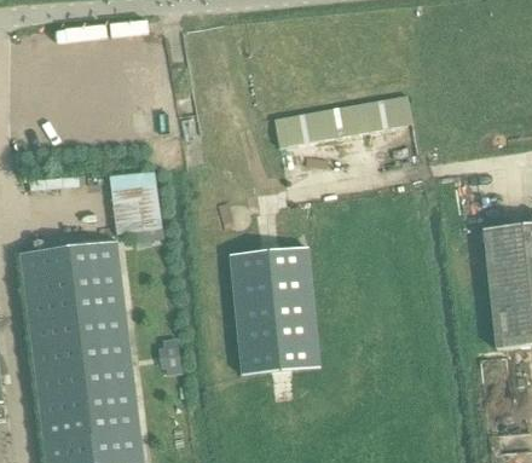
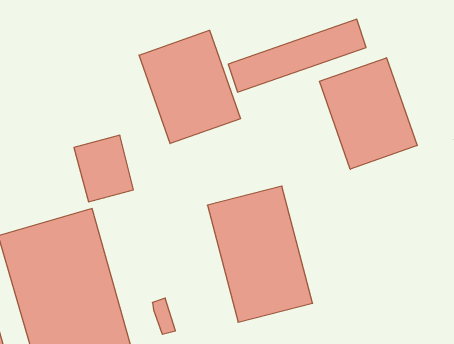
building: none -> [139,30,241,144]
building: none -> [320,58,417,169]

